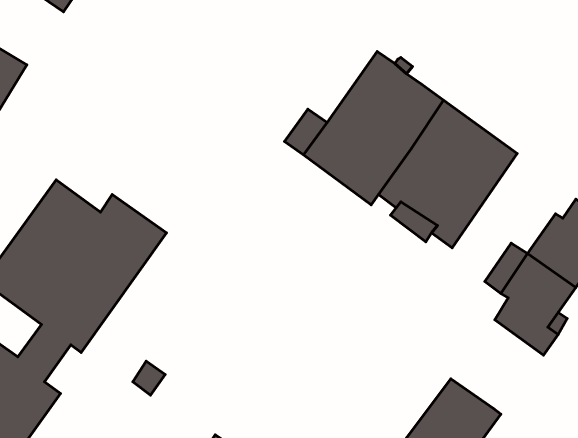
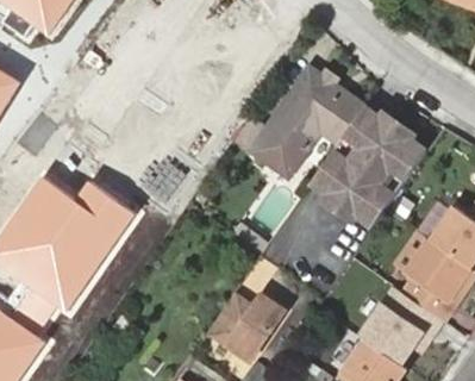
building: none -> [362,280,443,356]
building: none -> [207,293,285,358]

